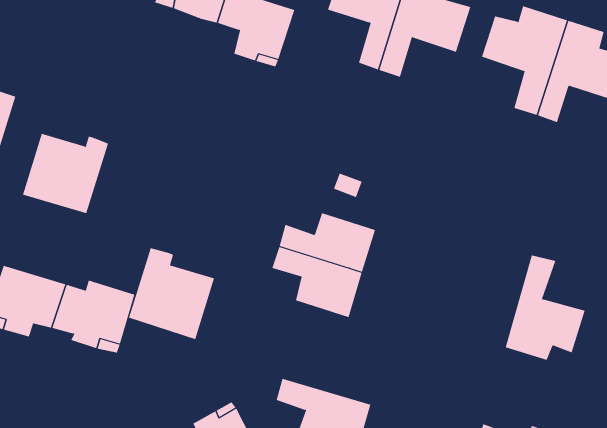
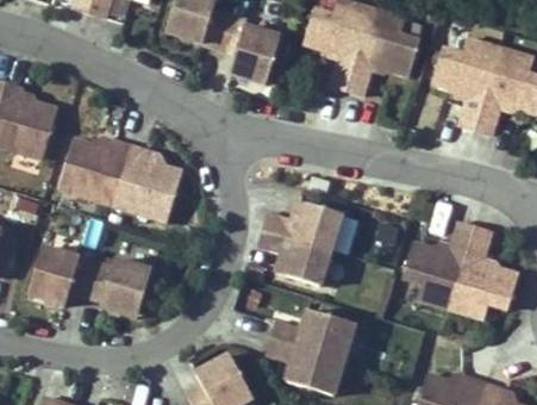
building: [128,247,215,340] -> [111,145,181,220]
building: none -> [400,231,472,311]
building: none -> [269,307,352,357]

